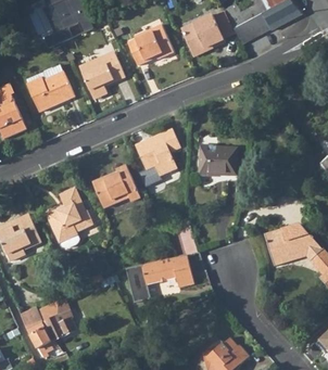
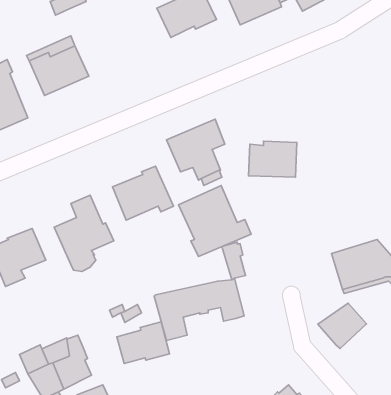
building: [79,51,125,97] -> none
building: none -> [178,185,251,256]
building: none -> [318,303,366,349]
building: none -> [117,322,170,363]

